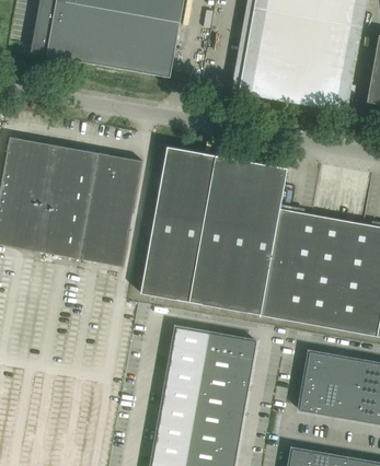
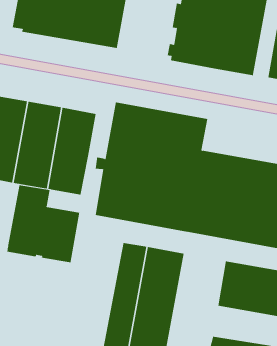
building: none -> [7,184,80,263]

